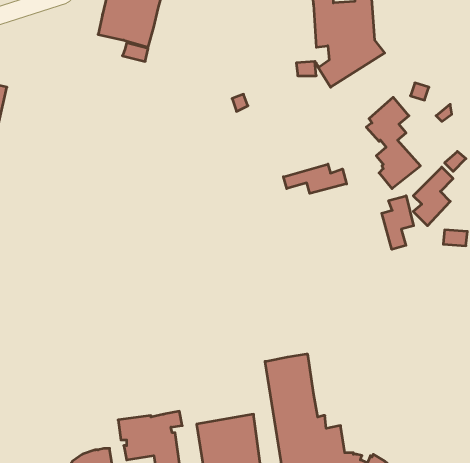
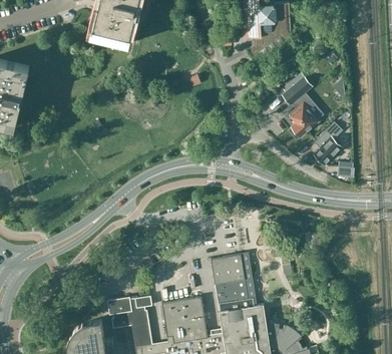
building: [283,164,347,193] -> none
building: [382,196,414,249] -> none

